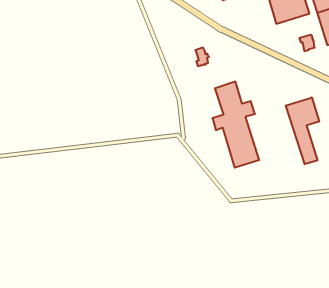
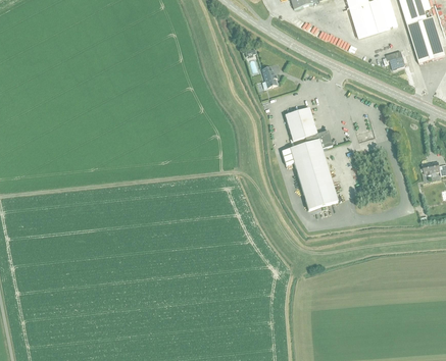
building: [286,97,319,164] -> none

